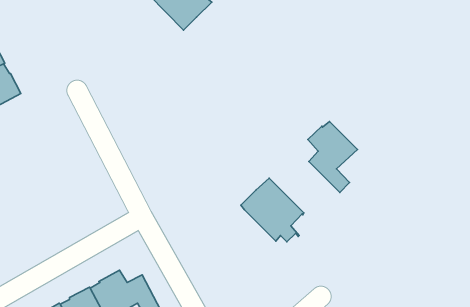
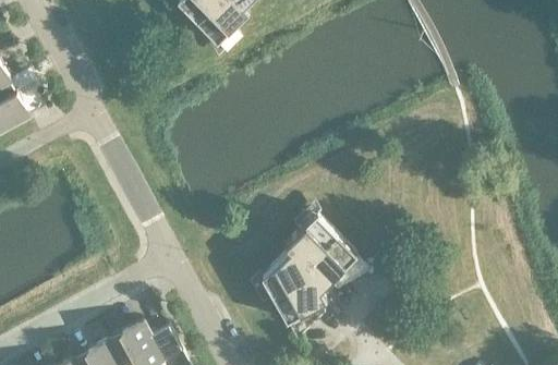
building: [308,121,357,193] -> none
building: none -> [260,252,326,325]

